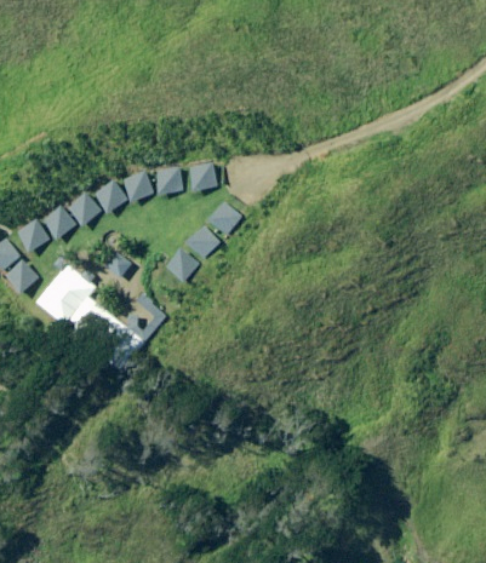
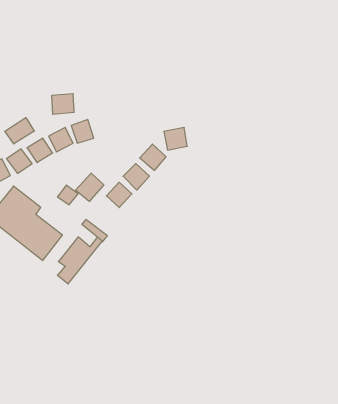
building: [188,162,217,190] -> [164,128,187,150]
building: [155,167,183,193] -> [52,94,74,114]
building: none -> [5,118,34,144]
building: none -> [76,173,104,201]

